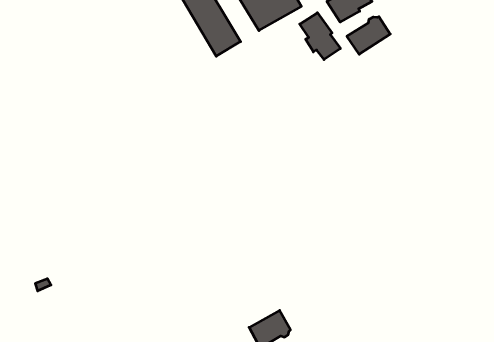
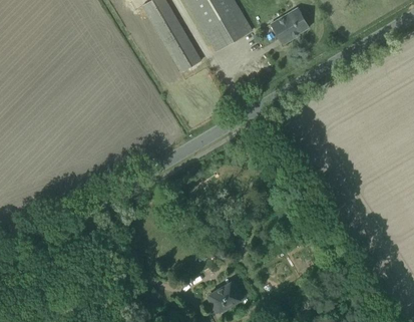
building: [300,13,340,60] -> none
building: [347,17,390,54] -> none

